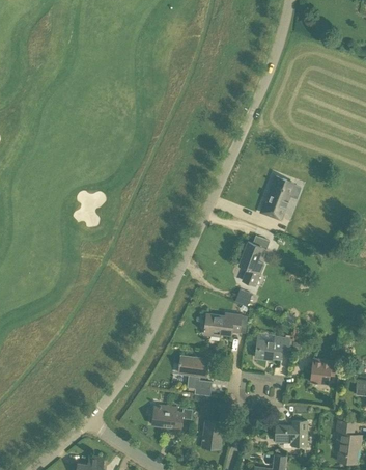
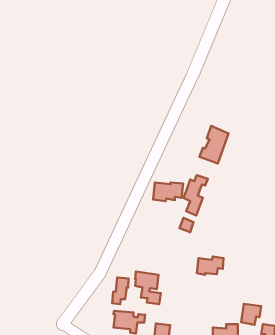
building: [203,313,241,336] -> [153,183,183,201]
building: [310,358,335,384] -> [241,304,261,325]
building: none -> [112,278,129,304]

